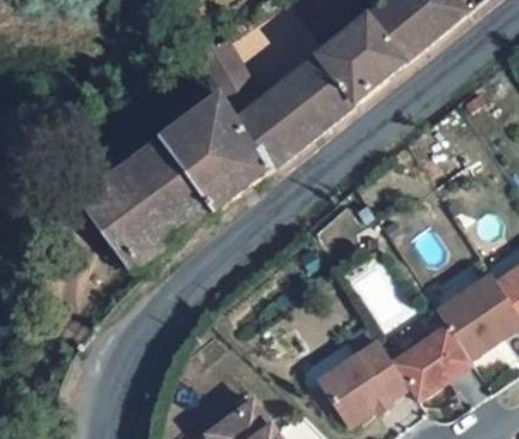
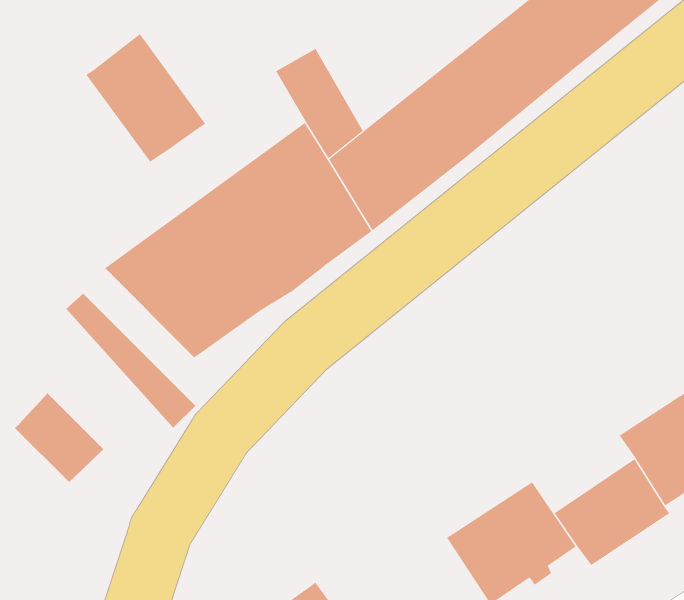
building: none -> [86,33,206,162]
building: none -> [14,393,104,483]

